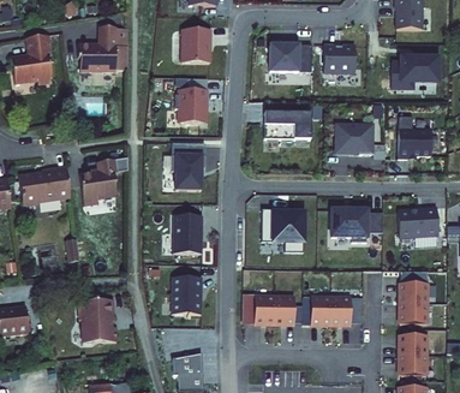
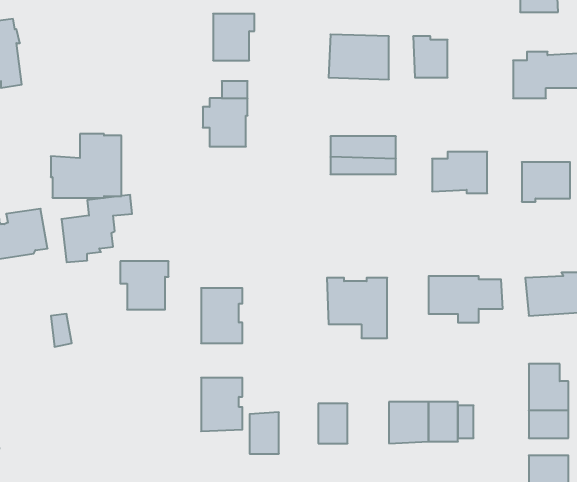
building: [76,25,125,70] -> [51,134,121,198]
building: [171,160,204,193] -> [120,261,169,310]
building: [79,294,118,337] -> none
building: [276,299,297,328] -> [250,412,279,454]

